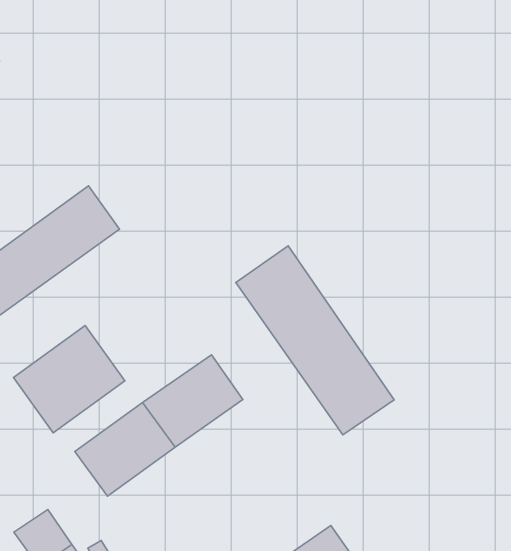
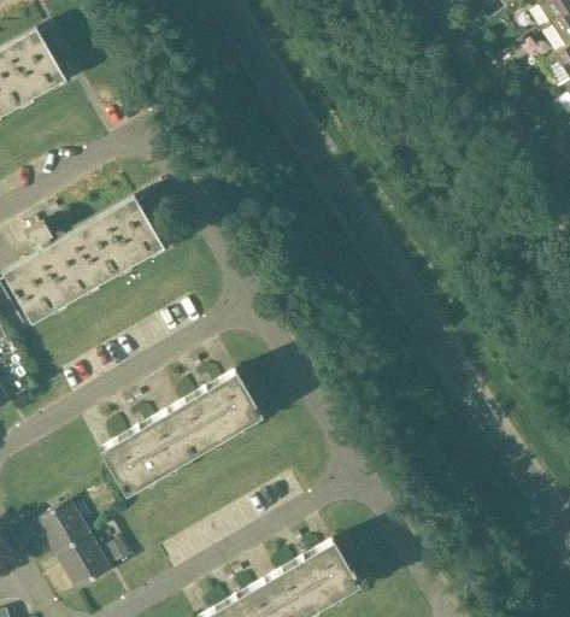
building: [236,246,394,435] -> none
building: [13,326,125,433] -> none

